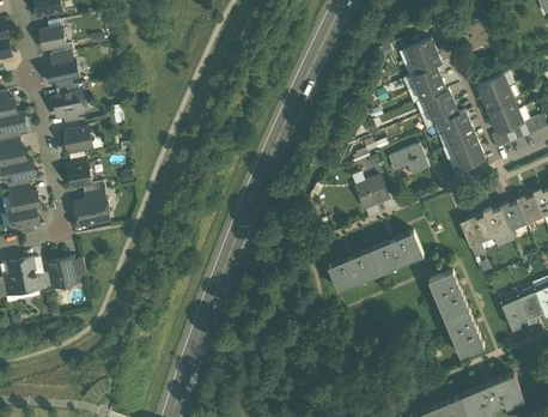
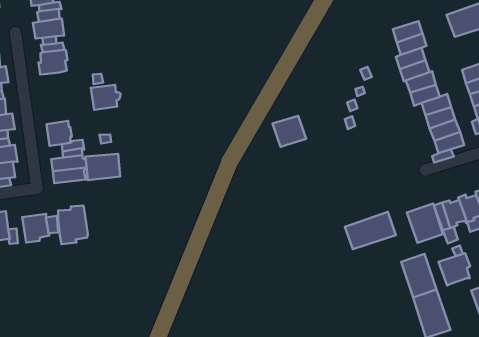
building: [63,127,93,153] -> [91,85,120,110]
building: [388,145,428,175] -> none
building: [354,176,389,208] -> [272,116,306,147]
building: none -> [85,154,120,180]
building: none -> [407,203,443,243]
building: none -> [58,206,88,244]
building: [329,250,380,290] -> none
building: none -> [439,253,470,286]

